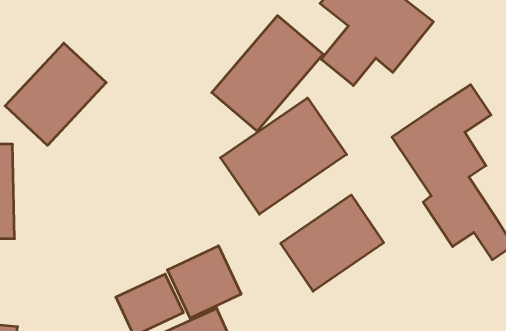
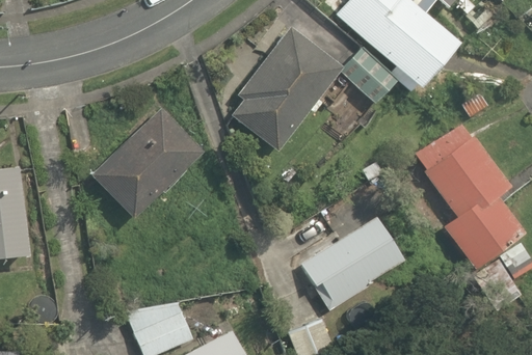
building: [5,43,106,145] -> [90,114,194,219]
building: [220,98,347,214] -> none
building: [167,246,241,318] -> none

